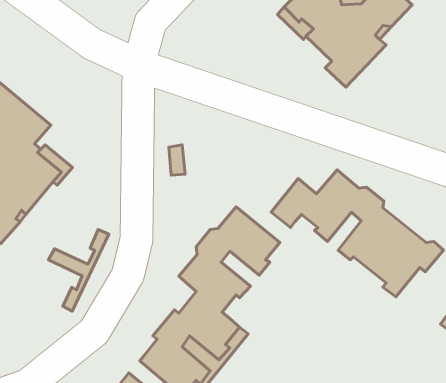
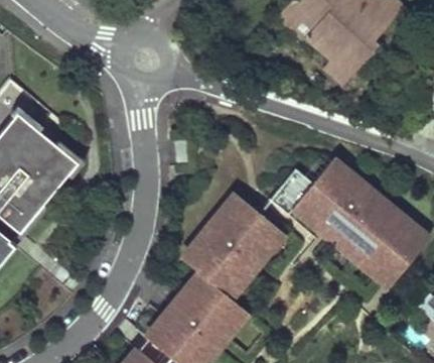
building: none -> [292,201,413,287]
building: [48,230,109,311] -> none
building: none -> [224,229,285,299]

